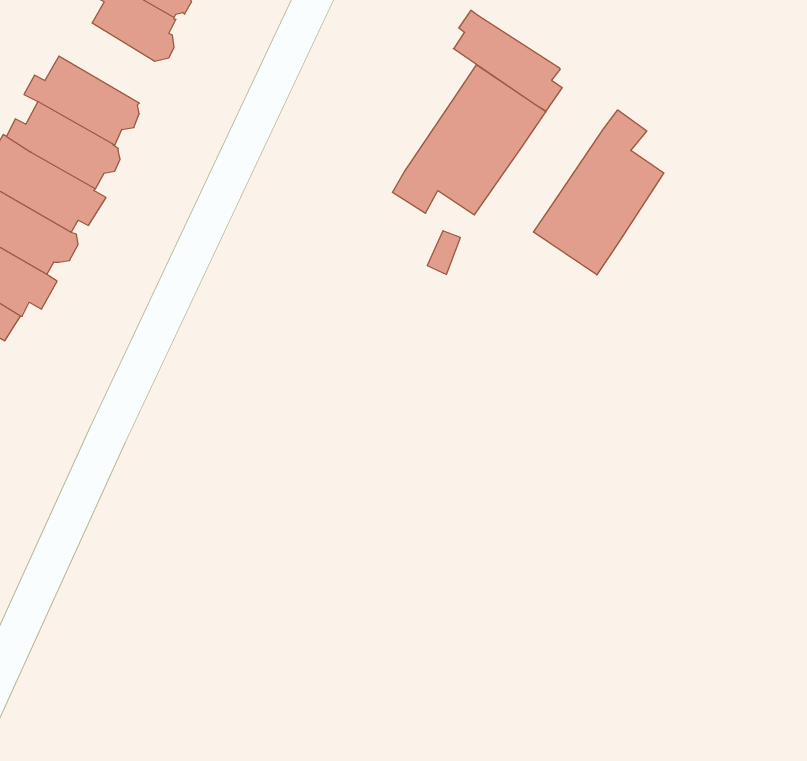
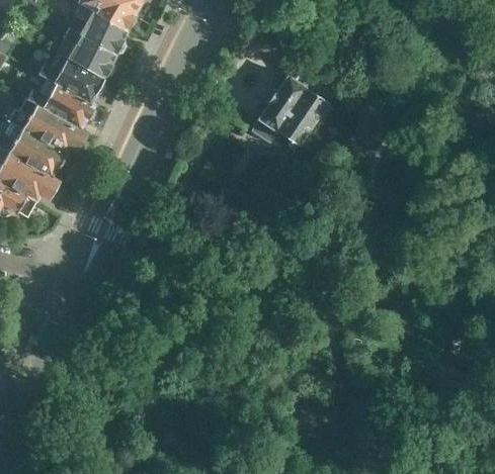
building: [453,10,562,111] -> none
building: none -> [58,29,114,80]
building: [533,110,664,275] -> none

